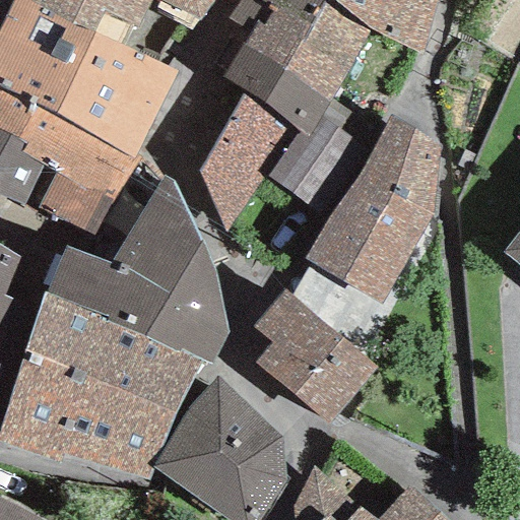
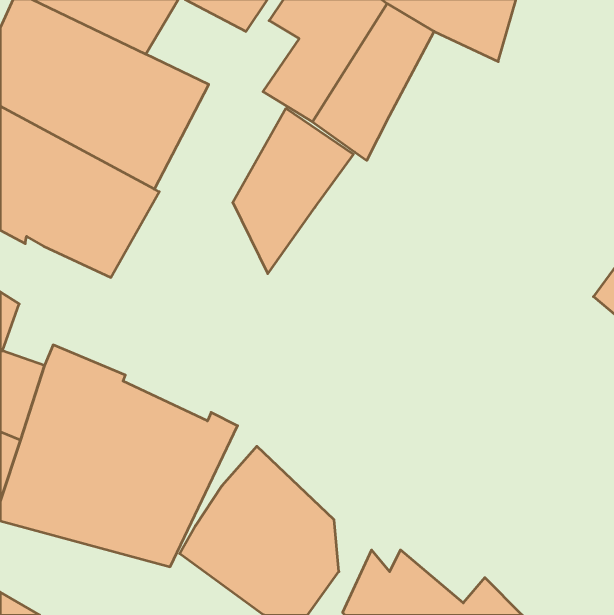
building: [267,98,374,210] -> none
building: [306,115,439,303] -> none
building: [47,176,229,364] -> none
building: [254,288,378,424] -> none

